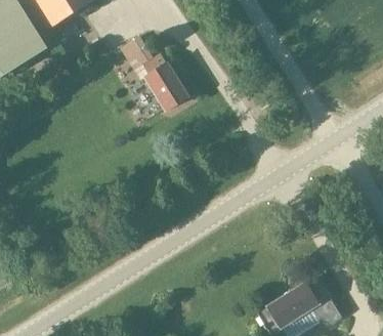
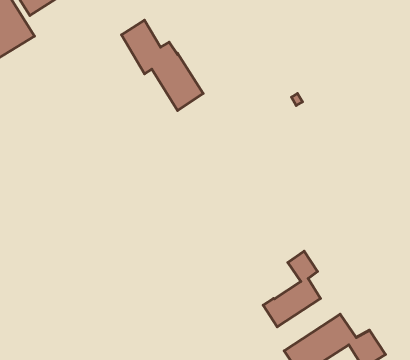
building: none -> [263,251,321,327]

